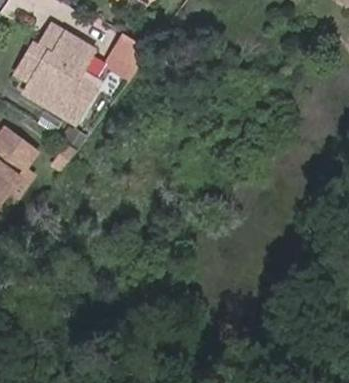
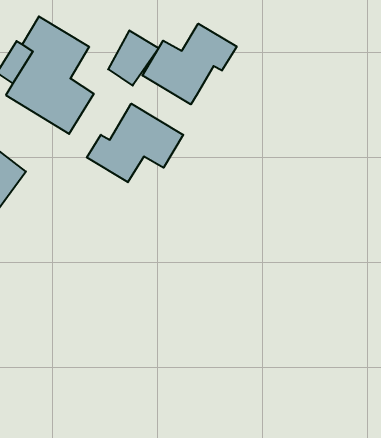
building: none -> [142,24,237,104]
building: none -> [87,104,183,182]

